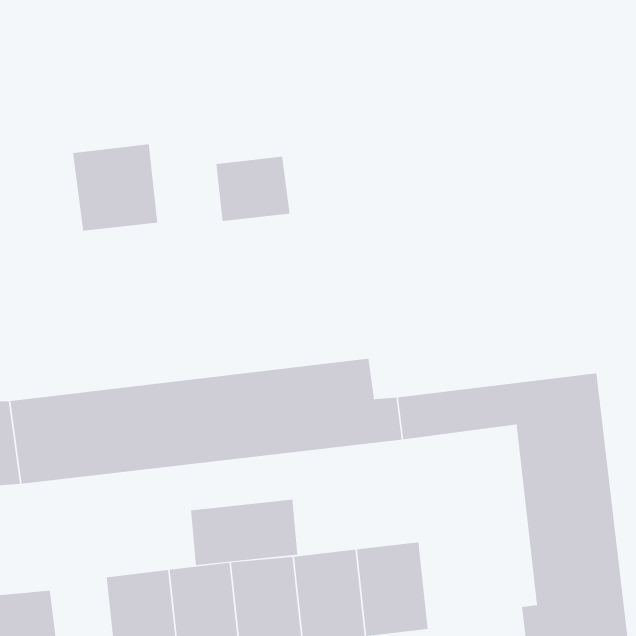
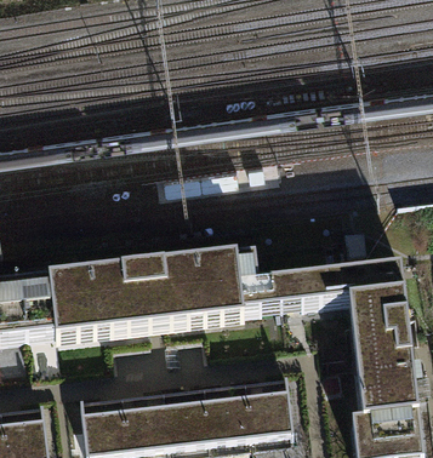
building: [73,144,158,232] -> none
building: [216,156,290,222] -> none
building: [190,499,298,566] -> none

